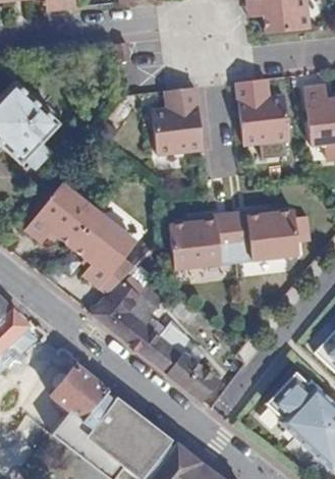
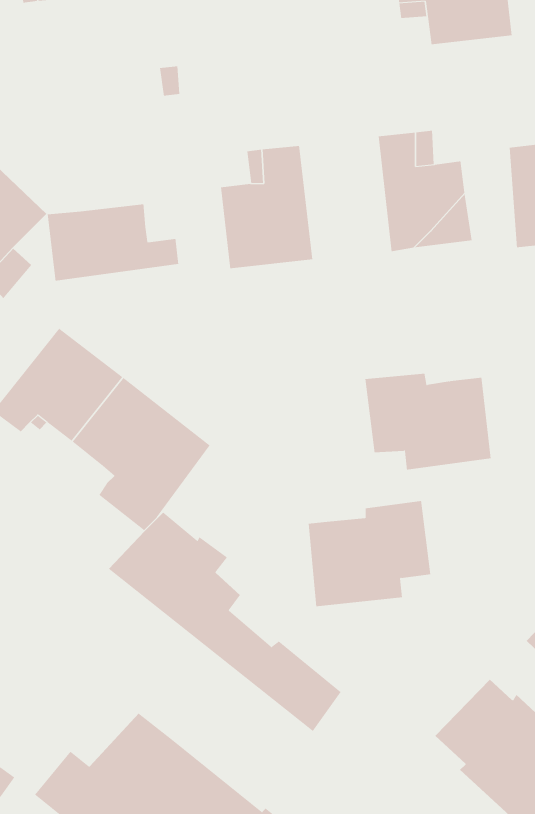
building: none -> [47,203,179,282]
building: [168,212,234,269] -> [308,501,431,607]
building: [51,366,108,420] -> none

